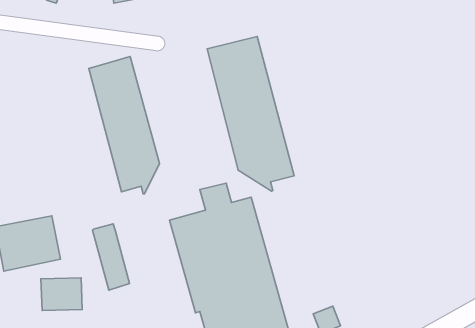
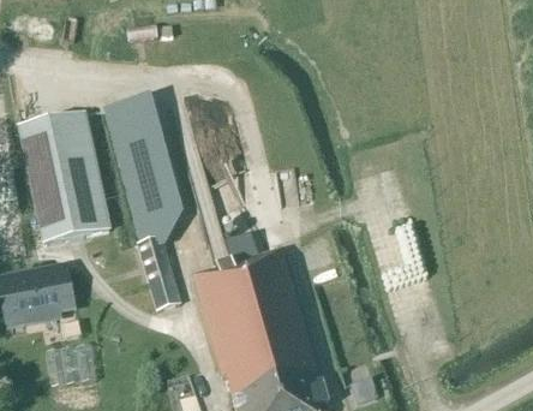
building: [207,37,294,191] -> none
building: none -> [18,111,108,242]
building: [93,224,130,290] -> [138,236,179,309]

